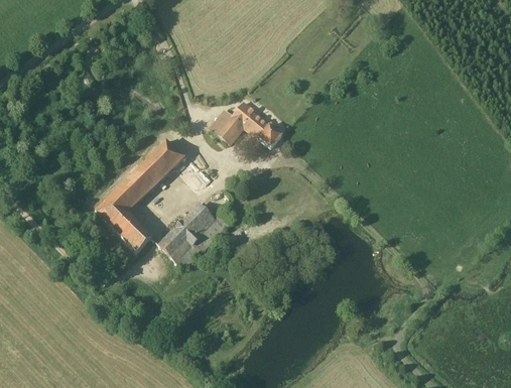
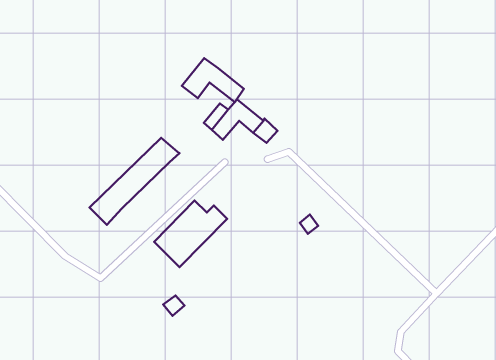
building: none -> [182,58,244,102]
building: [111,212,150,252] -> none

